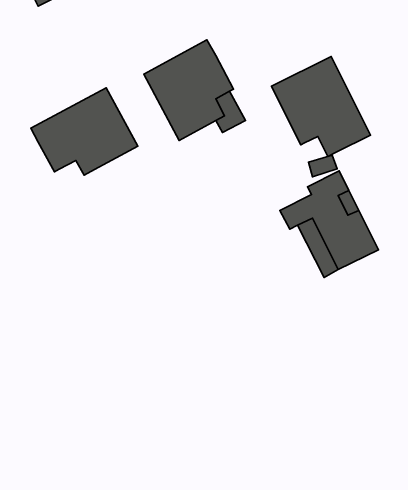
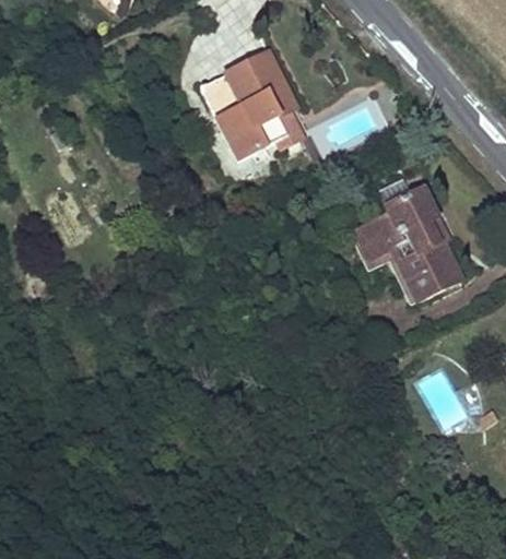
building: [271,57,371,156] -> none
building: [31,88,138,175] -> none

